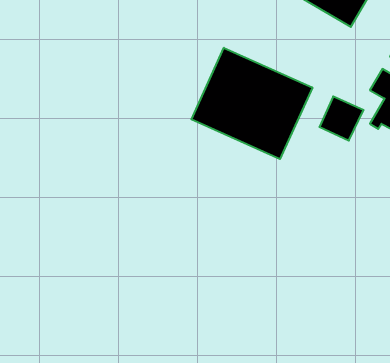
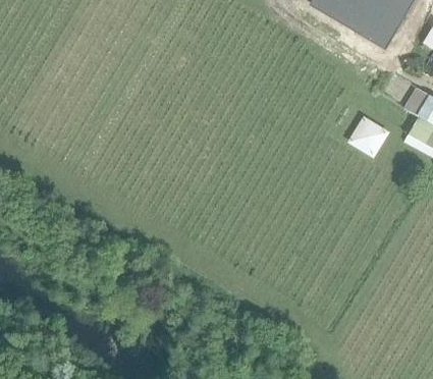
building: [191,48,312,159] -> none

